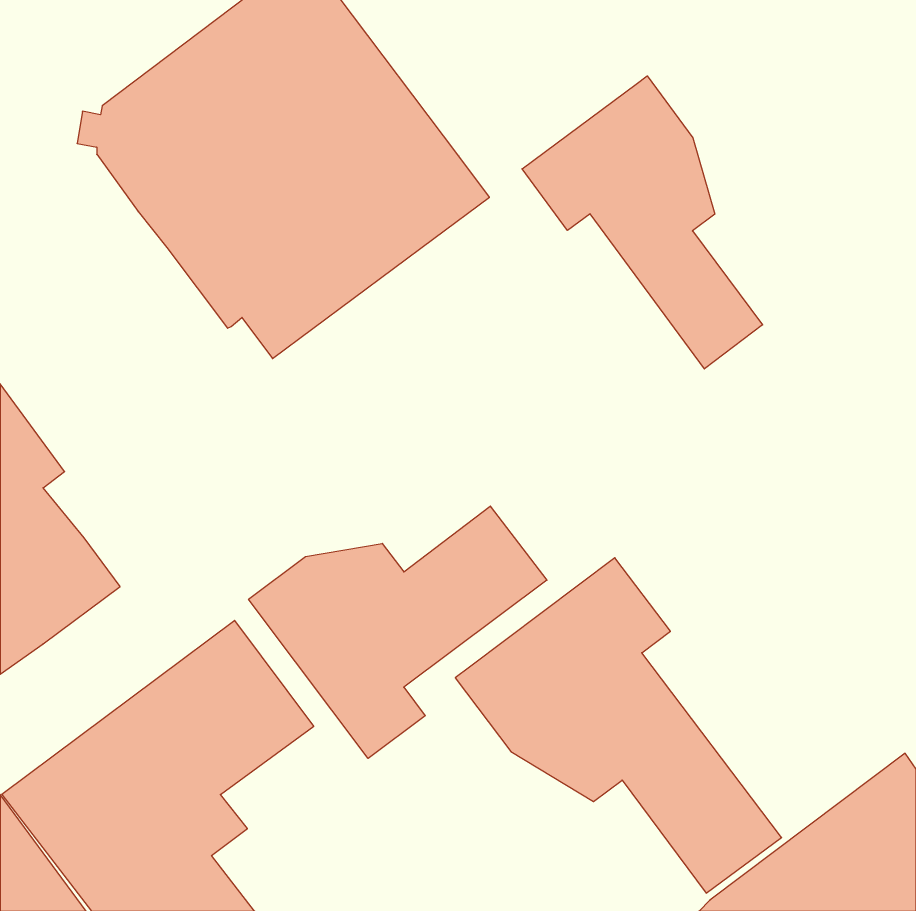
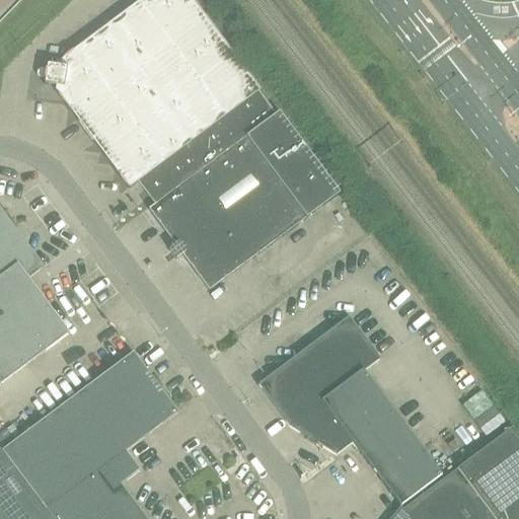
building: [522,76,763,369] -> none
building: none -> [148,109,340,288]
building: [249,506,547,758] -> none

